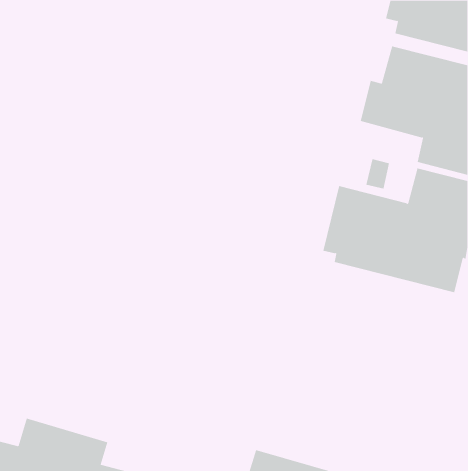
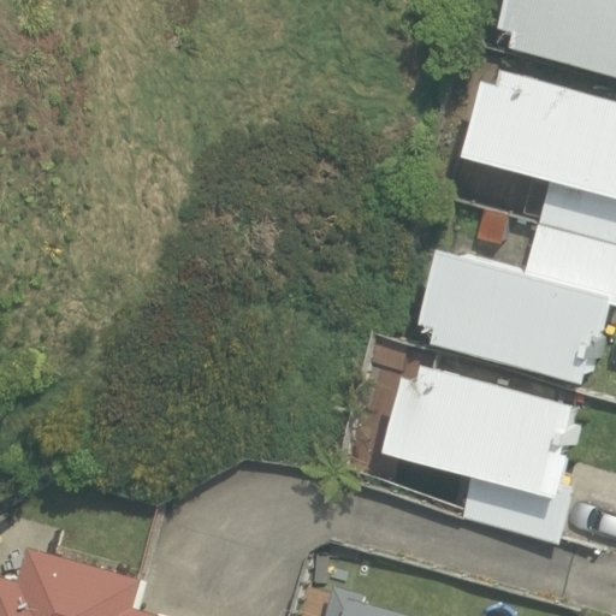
building: none -> [383,367,580,543]

